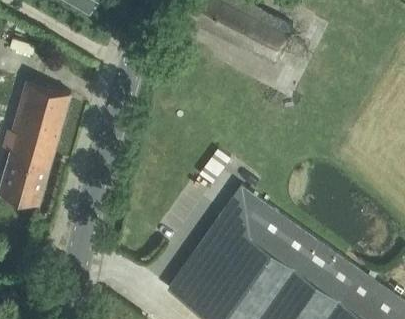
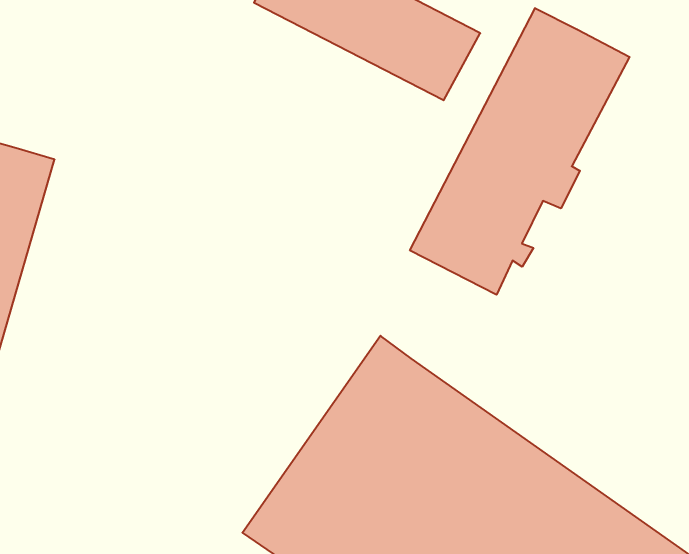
building: none -> [410,8,630,295]

